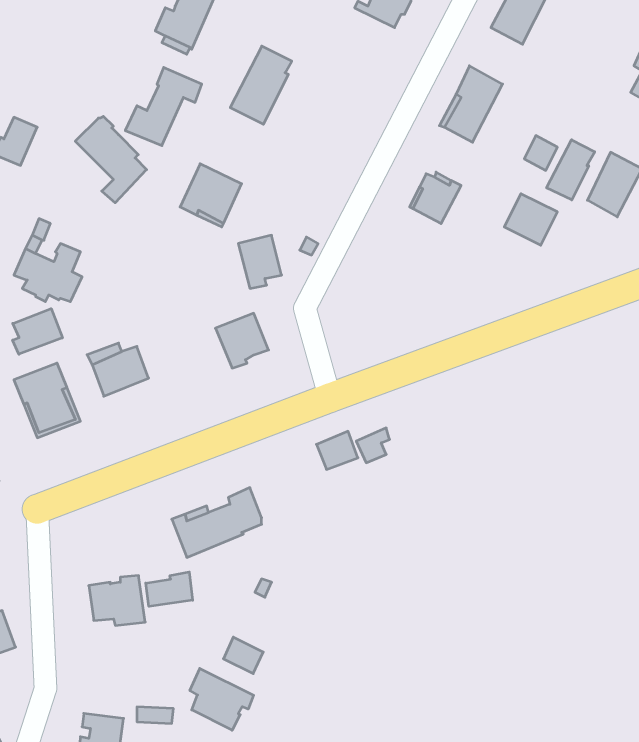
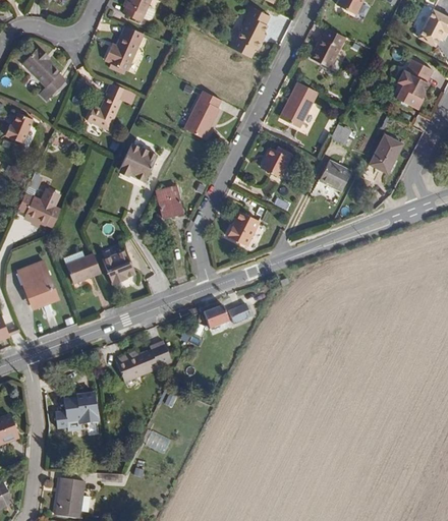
building: [230,46,292,124] -> [181,97,219,144]
building: [75,116,147,203] -> [22,48,66,101]
building: [547,140,595,200] -> none
building: none -> [227,211,260,246]
building: [13,309,62,354] -> none
building: [215,313,269,368] -> [103,250,135,284]
building: [146,572,193,606] -> none
building: [190,668,254,730] -> none

